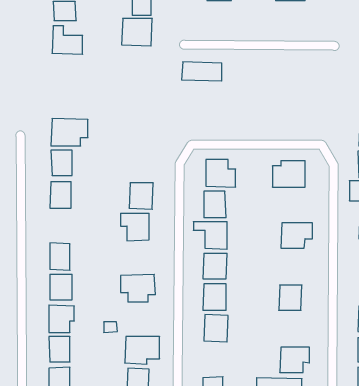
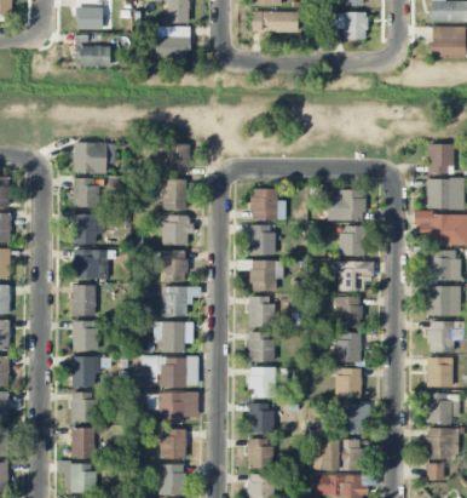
building: none -> [338,12,367,40]
building: [182,62,222,81] -> [252,11,298,33]
building: none -> [165,144,190,173]
building: none -> [163,179,186,211]
building: none -> [340,225,367,256]
building: none -> [73,250,109,280]
building: none -> [162,286,197,316]
building: none -> [335,297,361,328]
building: none -> [143,356,198,388]
building: none -> [336,368,361,399]
building: none -> [248,403,272,433]

